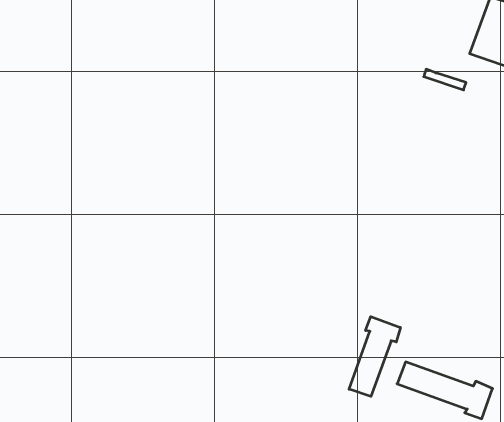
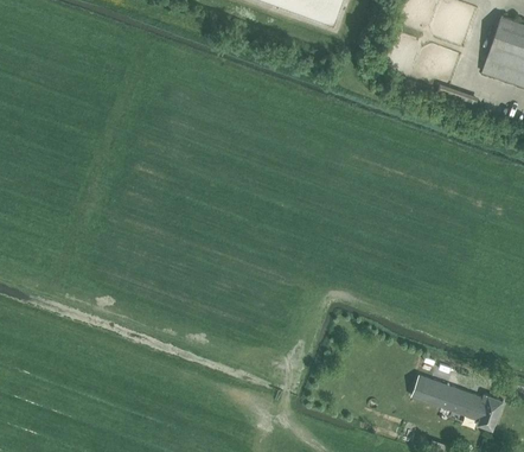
building: [349,317,400,396] -> none

